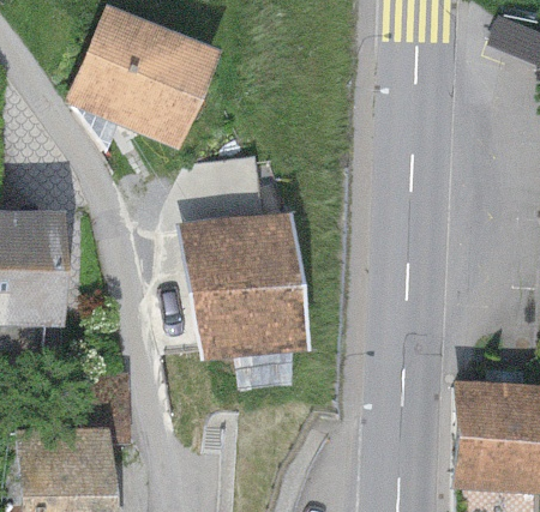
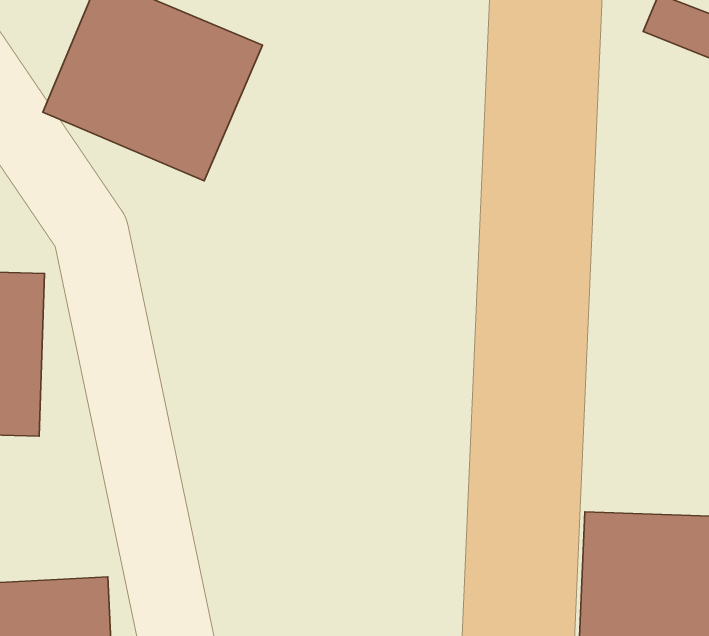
building: [184,211,308,361] -> none

